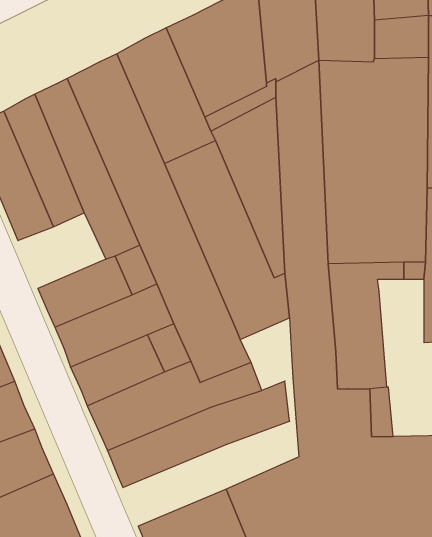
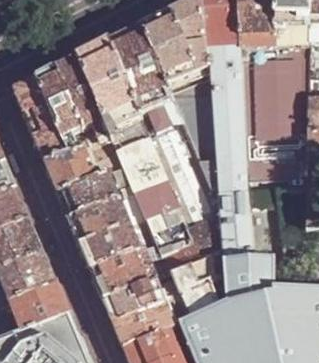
building: none -> [44,140,101,189]
building: none -> [188,208,221,255]
building: none -> [112,273,226,343]

